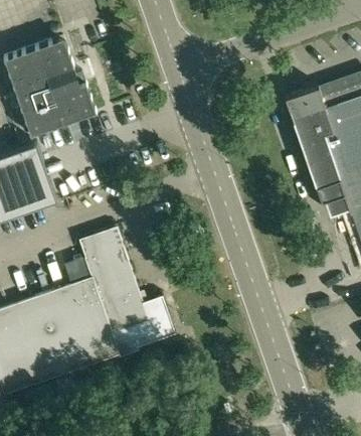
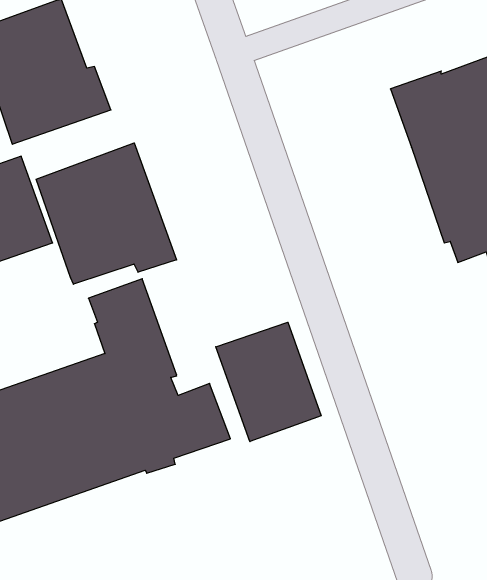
building: none -> [36,143,177,284]
building: none -> [216,322,321,442]

